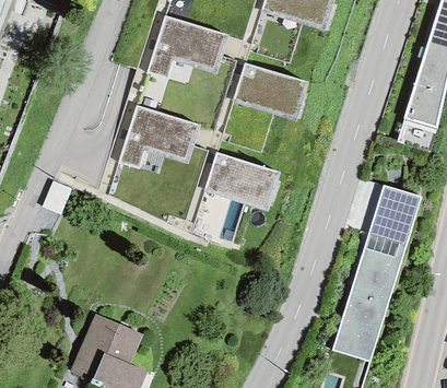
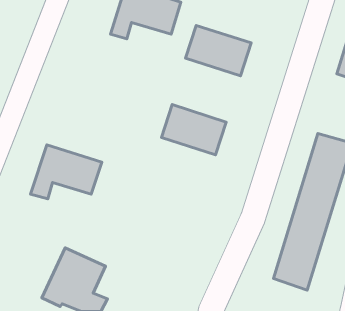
building: [119,105,200,166] -> [30,145,102,199]

